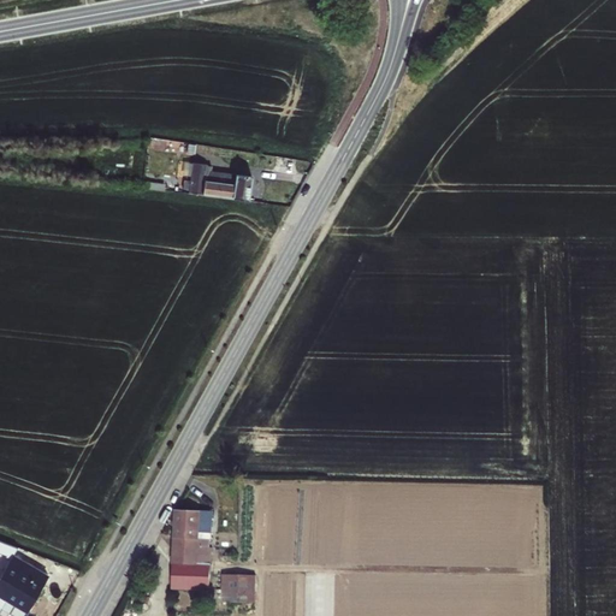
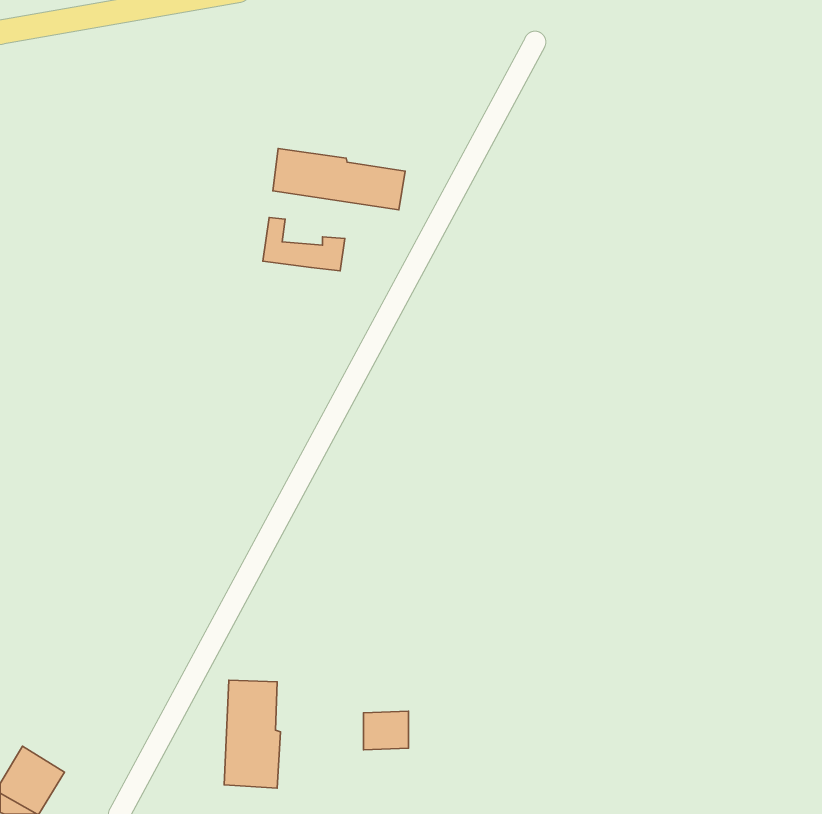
building: none -> [273,148,405,210]
building: [219,569,253,598] -> [364,711,409,750]

